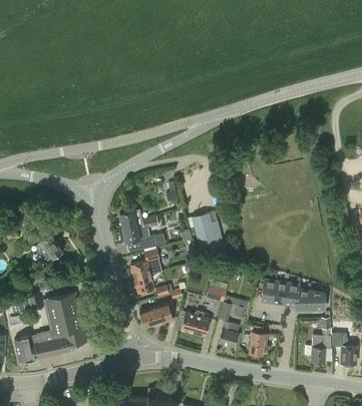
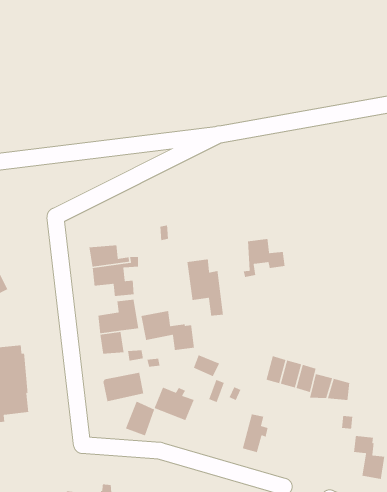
building: none -> [243,238,285,278]
building: none -> [141,310,195,351]
building: [218,321,239,347] -> [125,400,155,436]
building: [305,334,330,363] -> none

